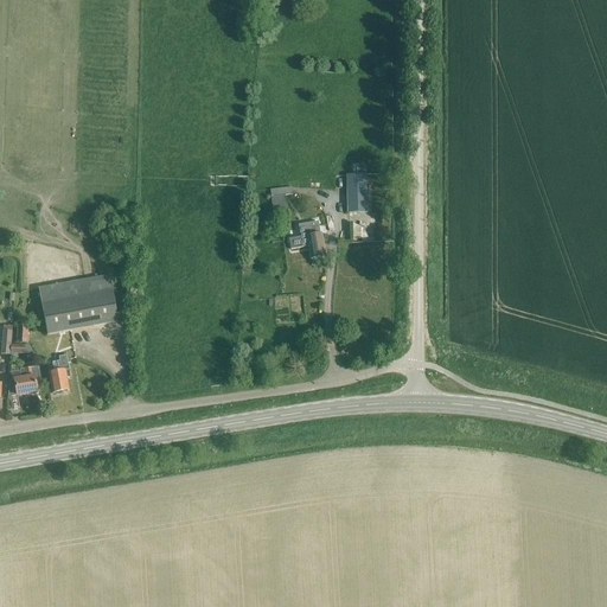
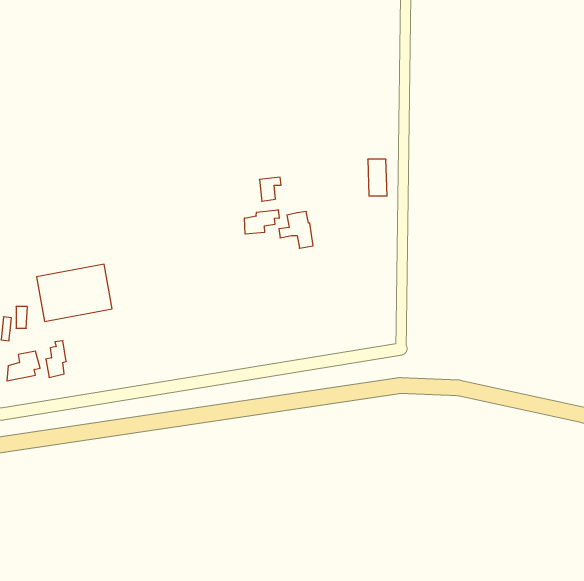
building: [346,172,366,210] -> [368,159,387,196]
building: none -> [244,210,279,234]

